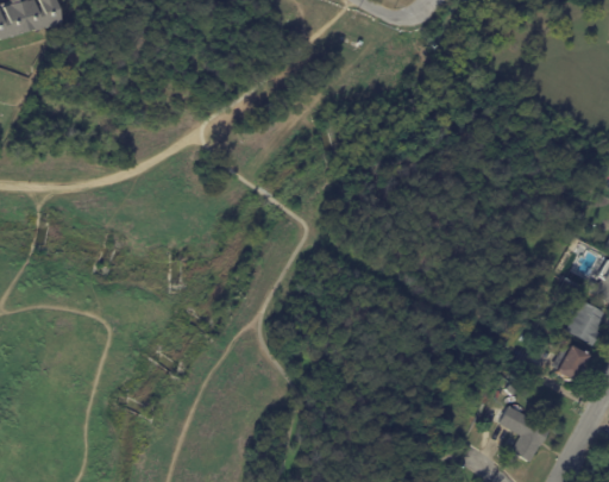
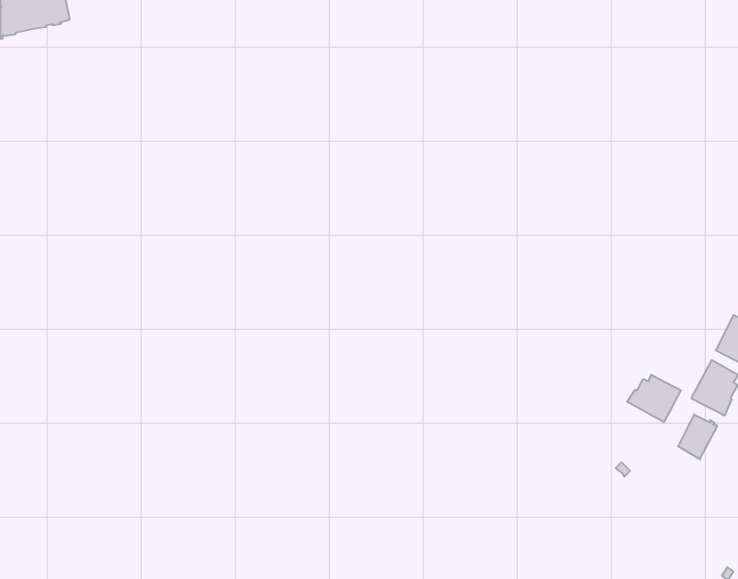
building: none -> [627,375,681,422]
building: [501,406,551,463] -> none

